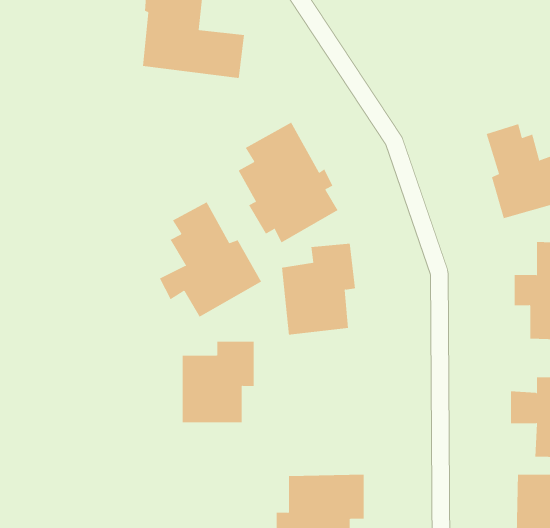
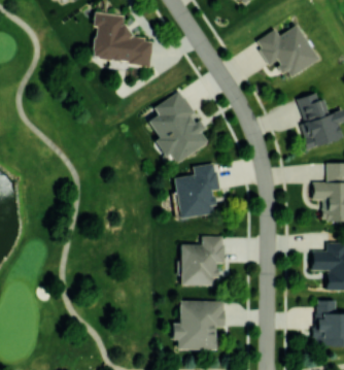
building: none -> [254,25,319,79]
building: [159,201,262,317] -> none
building: [182,341,255,423] -> [181,237,225,285]

